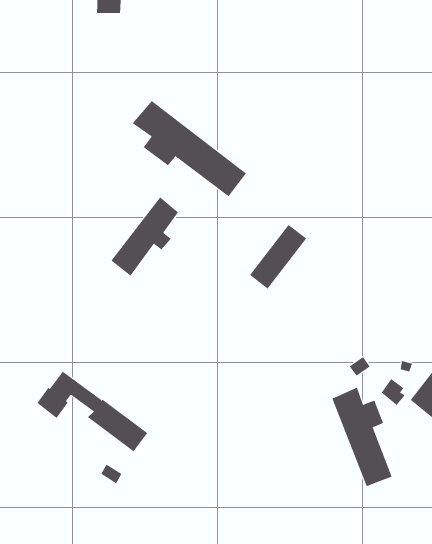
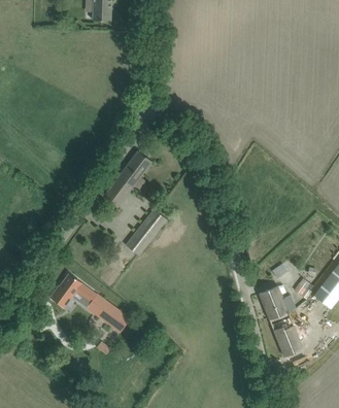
building: [132,100,247,197] -> none
building: [249,224,307,289] -> [125,209,166,256]

